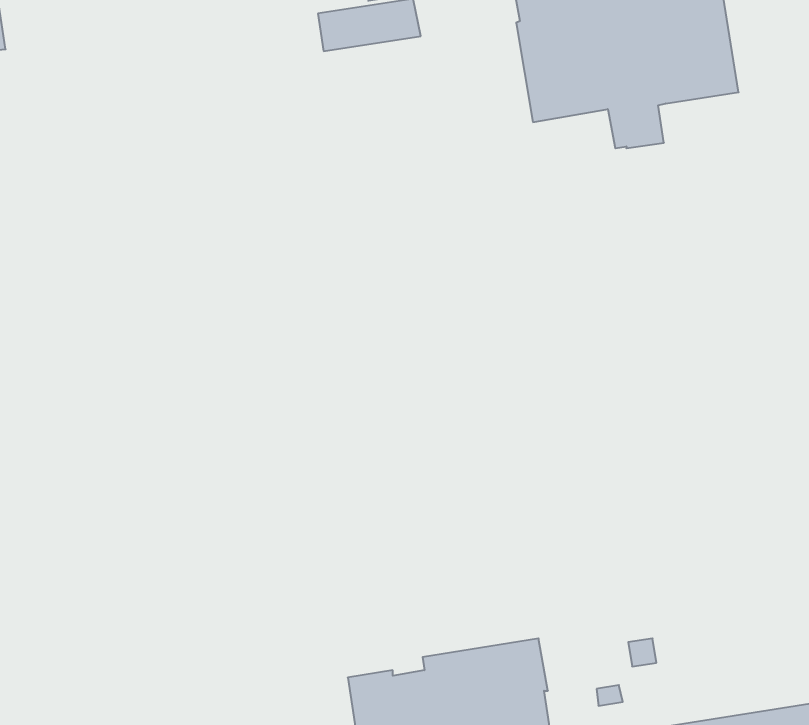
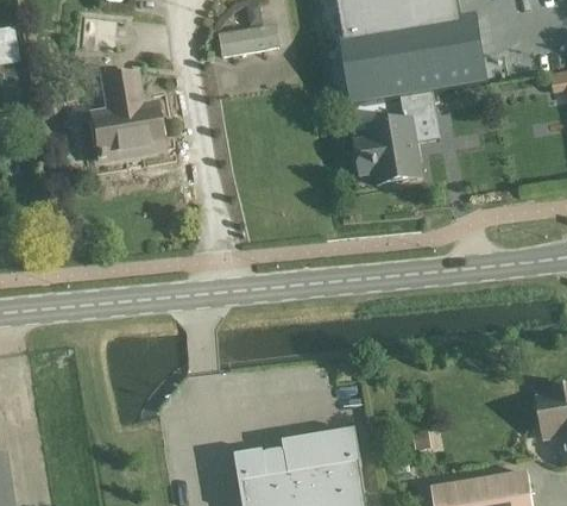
building: none -> [92,73,162,158]
building: none -> [354,118,422,185]

